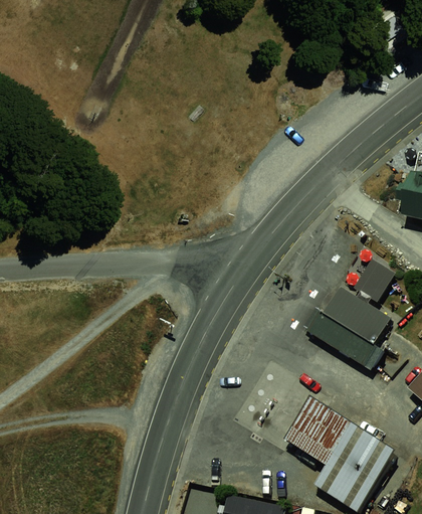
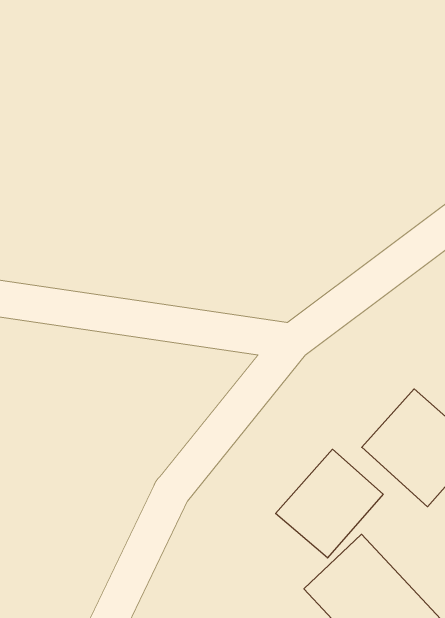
building: none -> [276,449,383,558]

